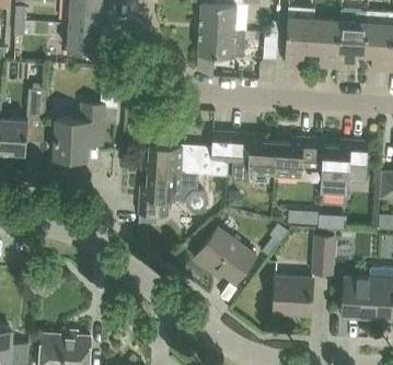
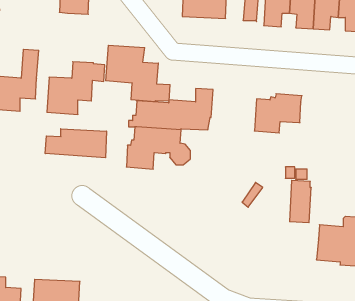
building: none -> [106,45,170,102]
building: [229,132,277,180] -> none
building: [320,140,368,196] -> none
building: none -> [45,129,106,158]
building: [194,226,256,282] -> none
building: [273,274,313,315] -> none

